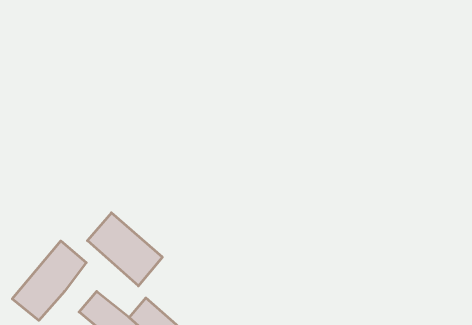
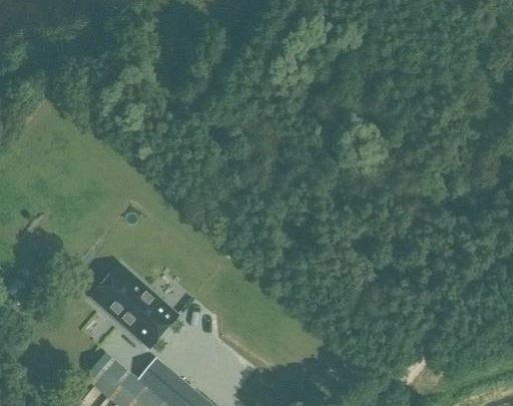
building: [12,241,86,320] -> none

